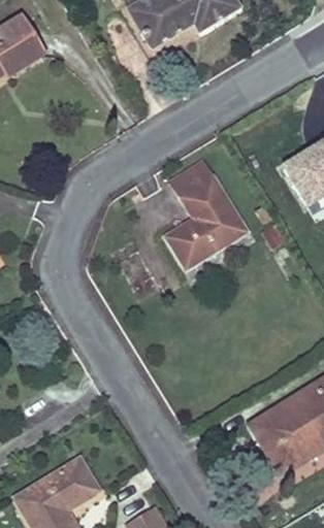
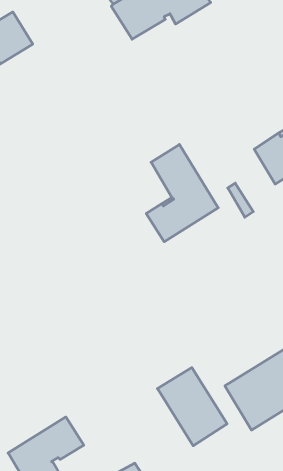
building: none -> [157,368,227,446]

